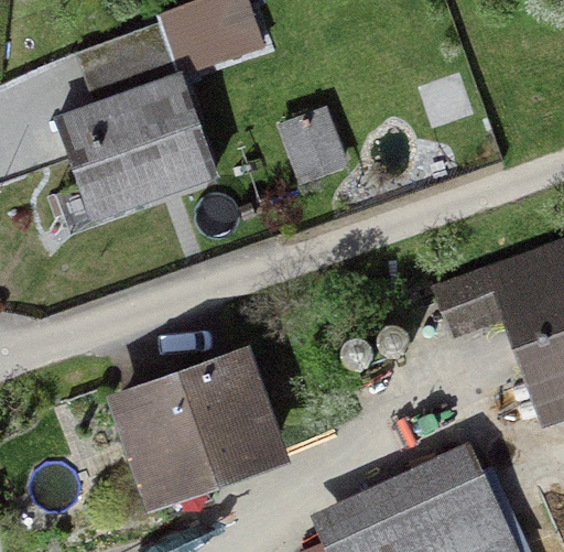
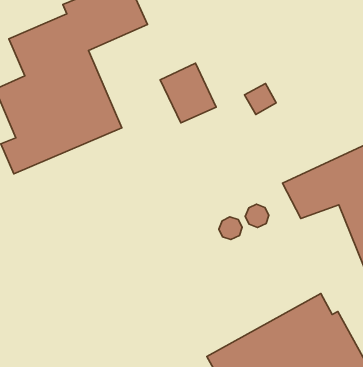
building: [106,338,291,502] -> none

